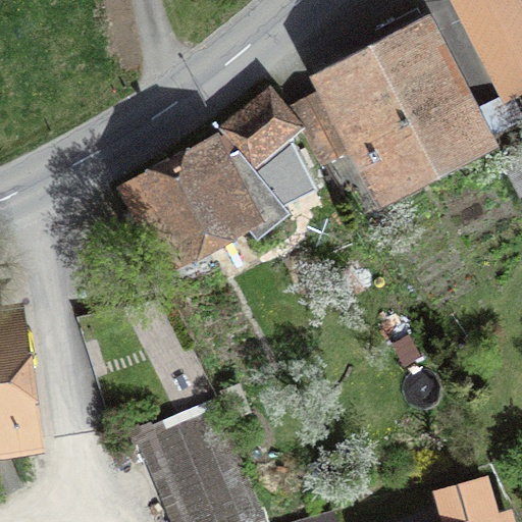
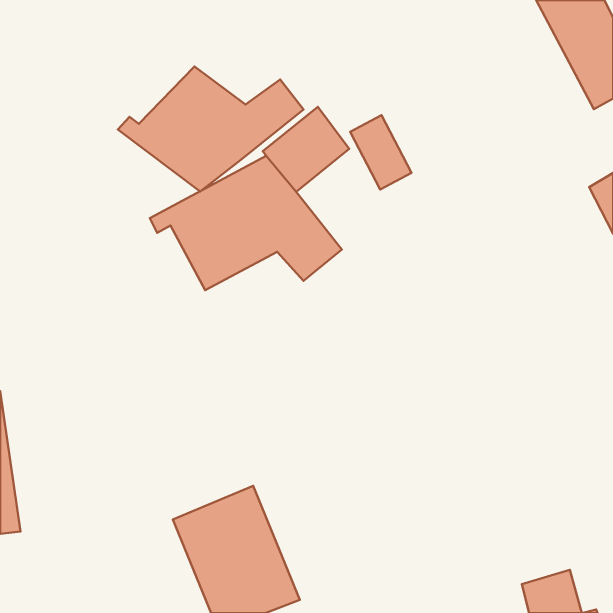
building: [333,23,485,193] -> none
building: none -> [118,67,303,191]

